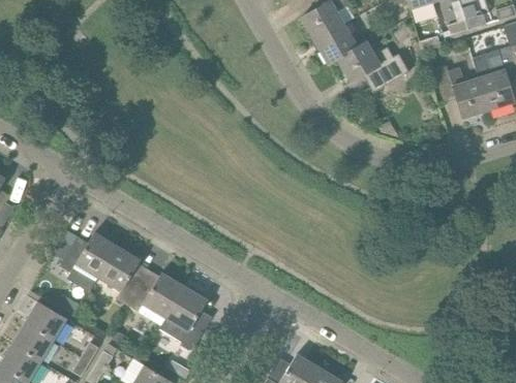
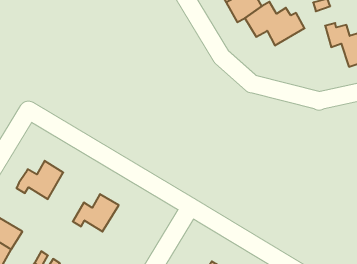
building: [98,247,142,306] -> none
building: [164,286,212,346] -> none

